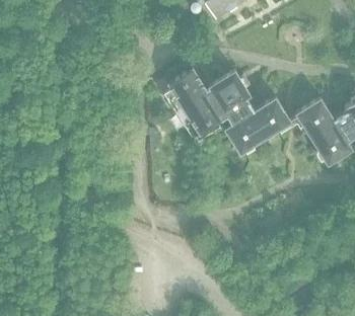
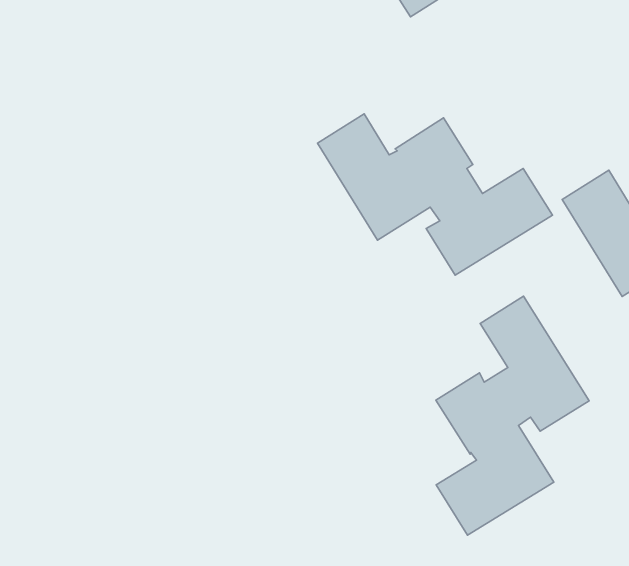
building: none -> [436,296,589,535]

